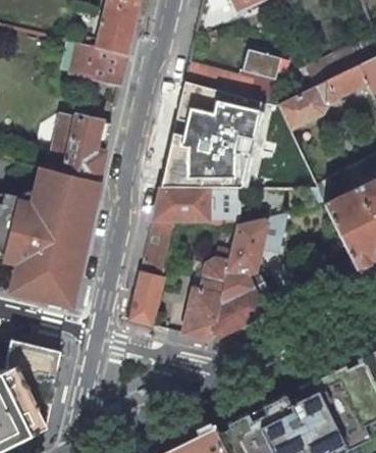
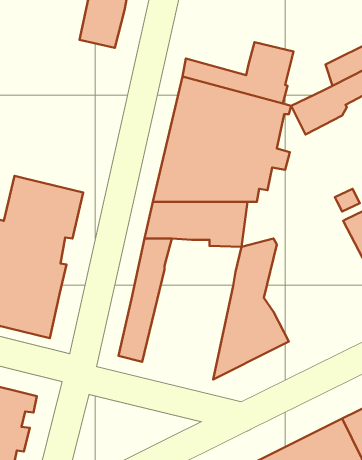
building: [70,43,127,86] -> none
building: [49,113,112,180] -> none
building: [182,258,229,341] -> none

